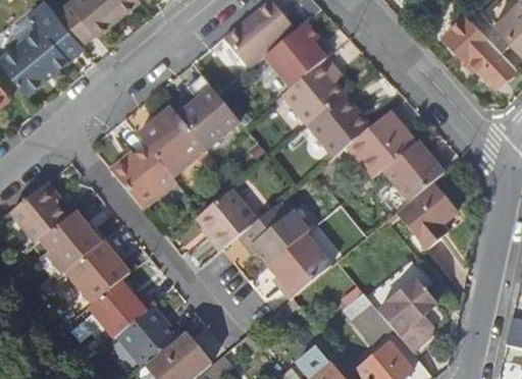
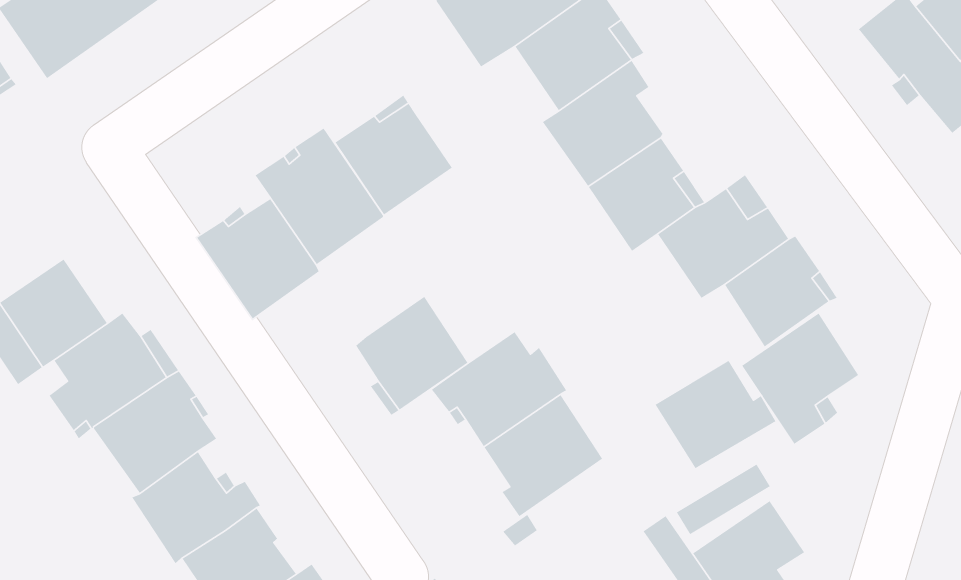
building: none -> [654,360,776,469]

